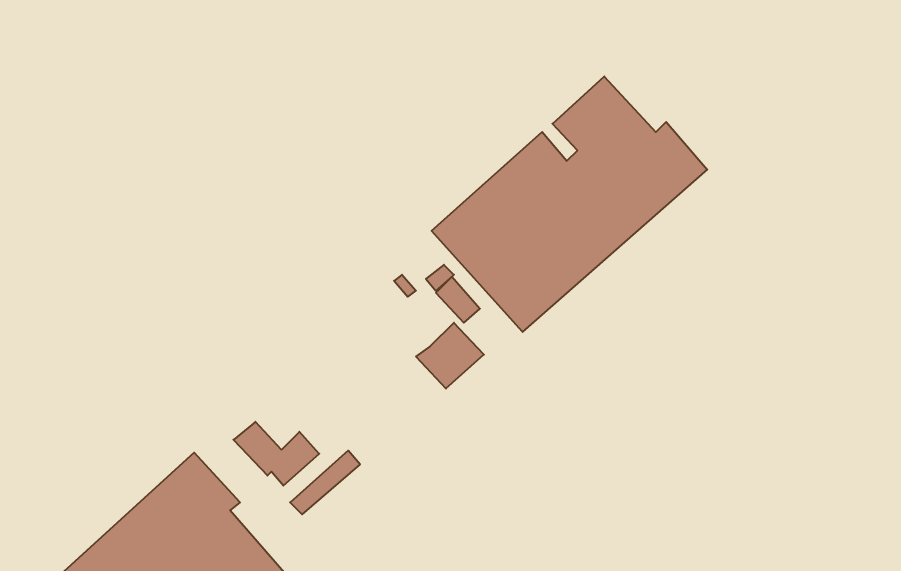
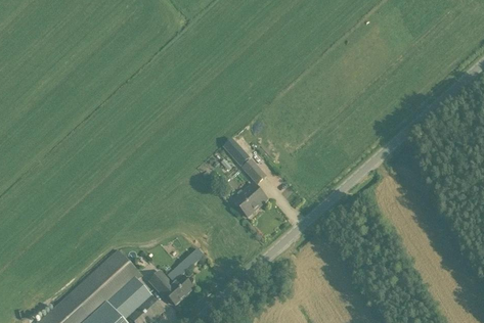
building: [432,76,707,332] -> none
building: [233,422,319,486] -> [149,271,193,304]

